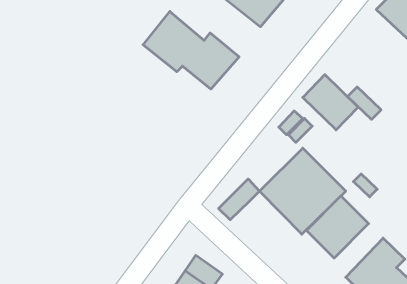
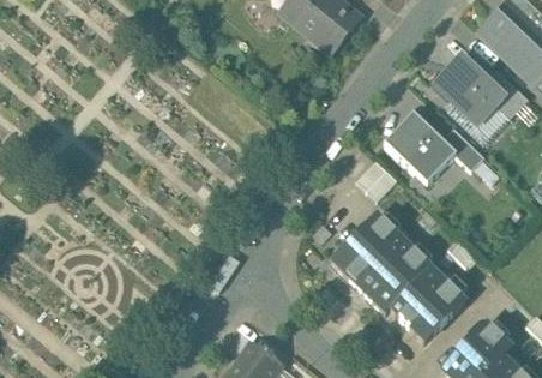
building: [143,11,239,89] -> none
building: none -> [430,54,506,128]
building: [219,179,260,220] -> none

